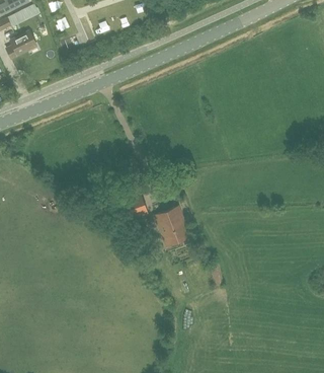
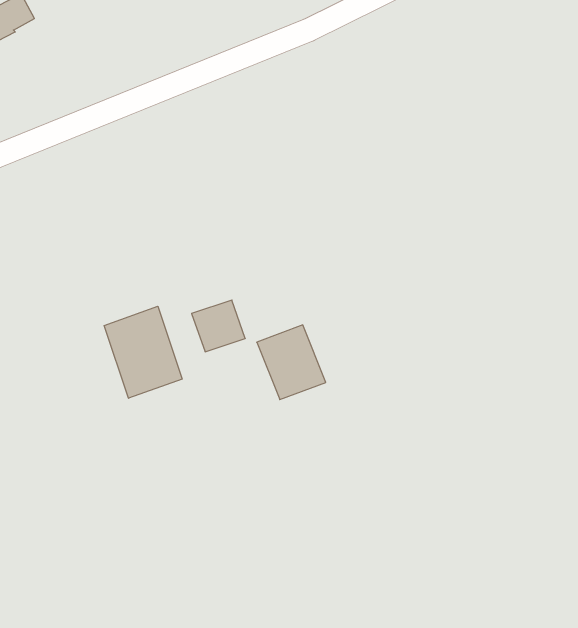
building: none -> [104,306,182,398]

